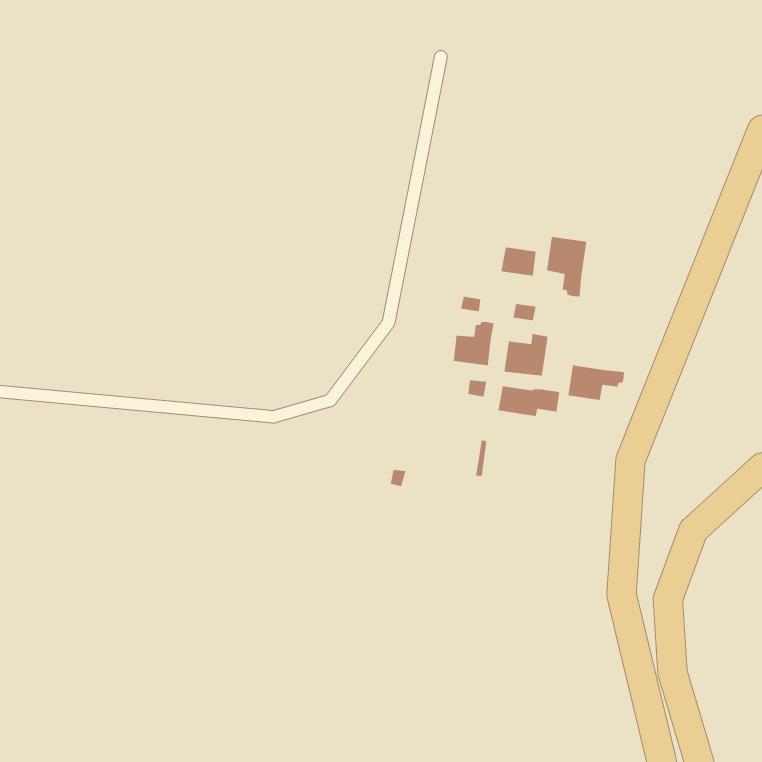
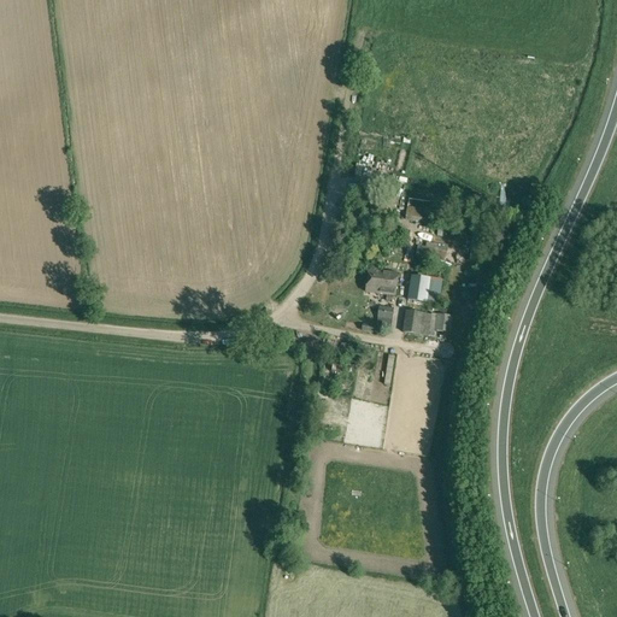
building: [546,236,587,297] -> none
building: [568,364,625,401] -> none

